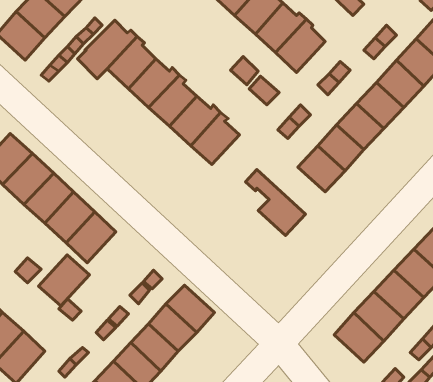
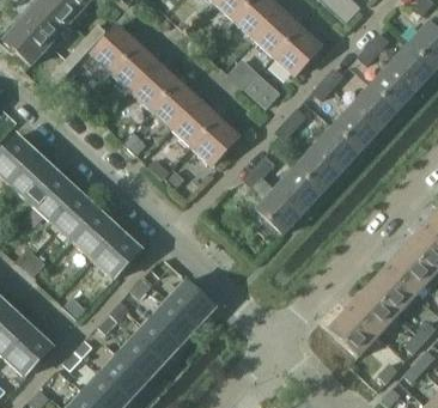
building: none -> [255,157,321,212]
building: [38,255,90,306] -> [92,229,141,278]

